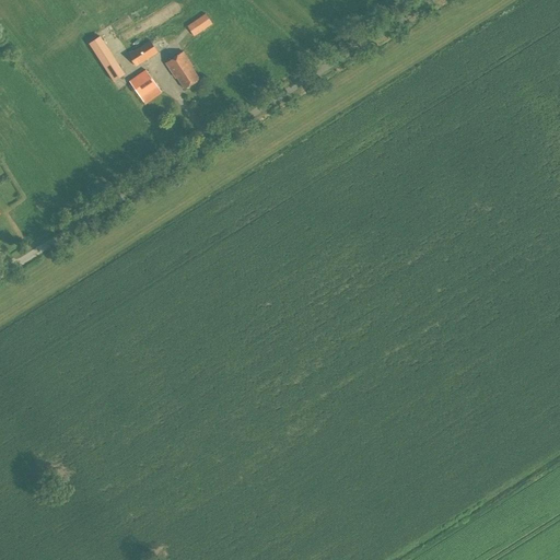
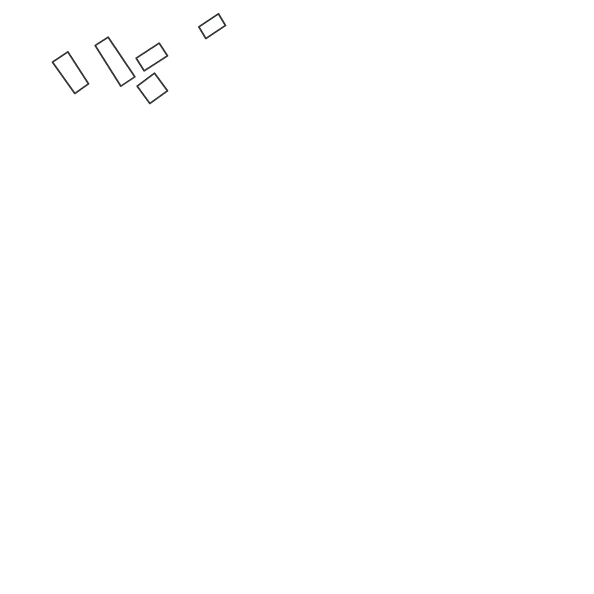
building: none -> [52,52,89,93]
building: [165,51,199,90] -> none

